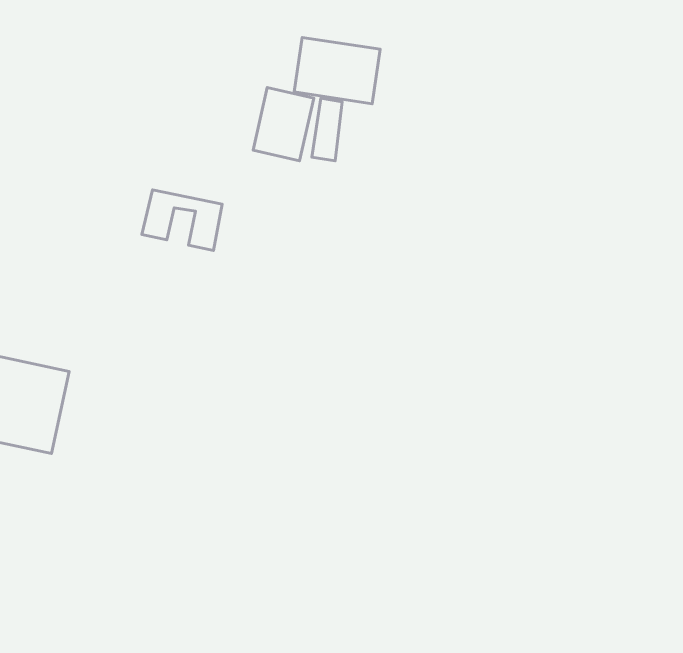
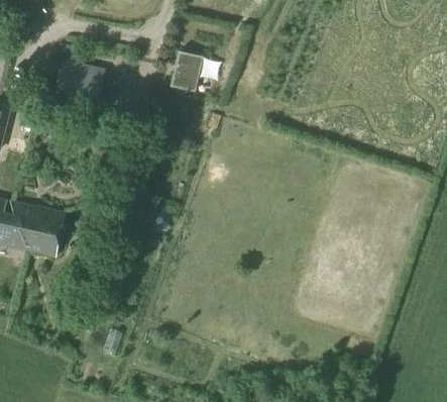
building: [294,37,380,104] -> none
building: [142,190,222,251] -> [54,62,100,96]

